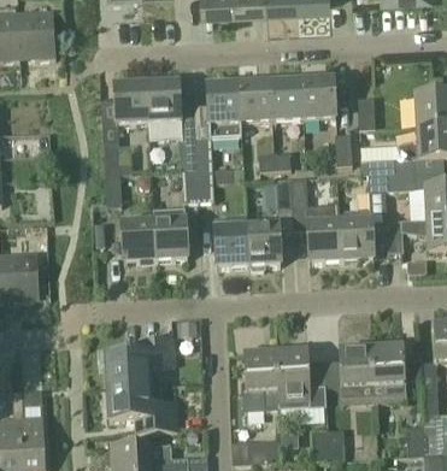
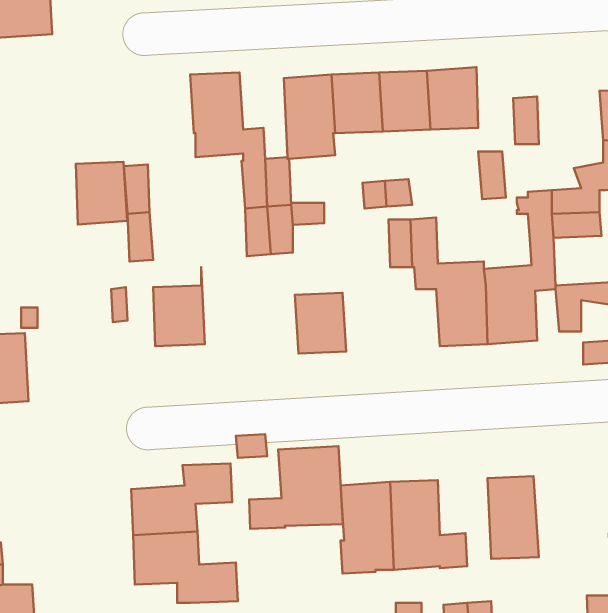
building: [114,82,148,123] -> [76,162,127,224]
building: [153,206,188,259] -> none
building: [246,223,281,269] -> none
building: none -> [249,446,343,529]
building: [371,343,405,399] -> none

